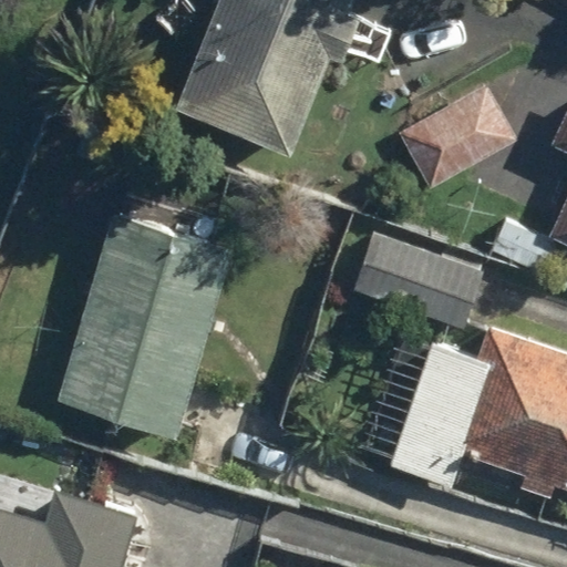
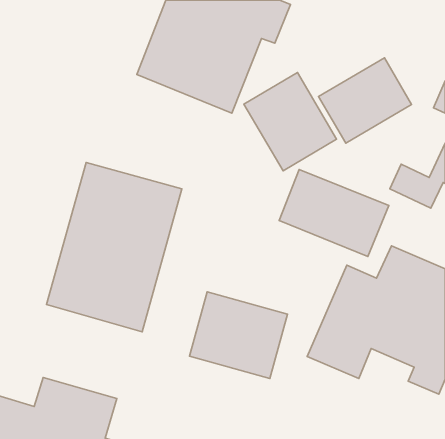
building: none -> [244,73,337,171]
building: none -> [190,292,287,378]

